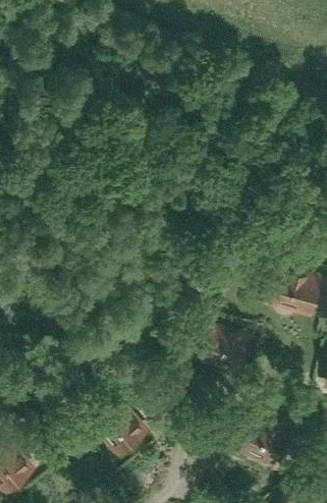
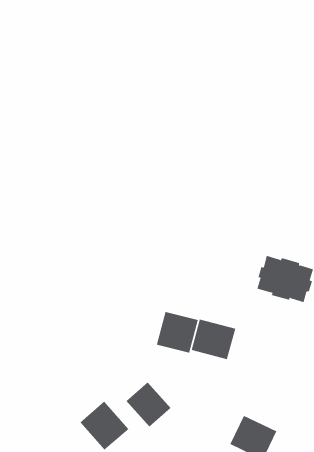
building: none -> [156,311,198,354]
building: none -> [125,381,171,428]

